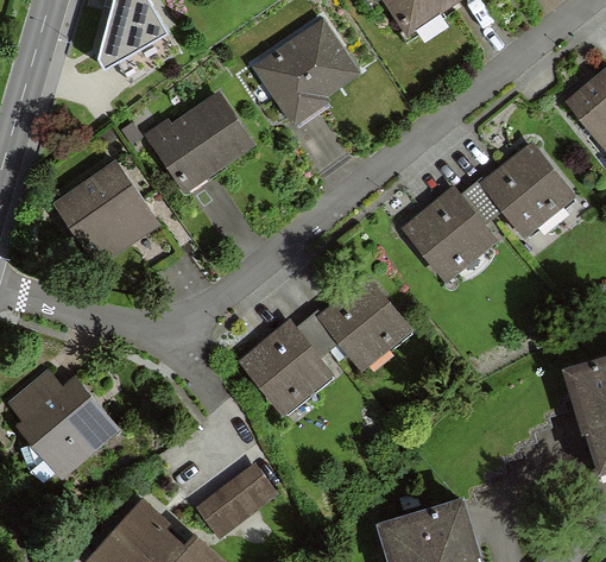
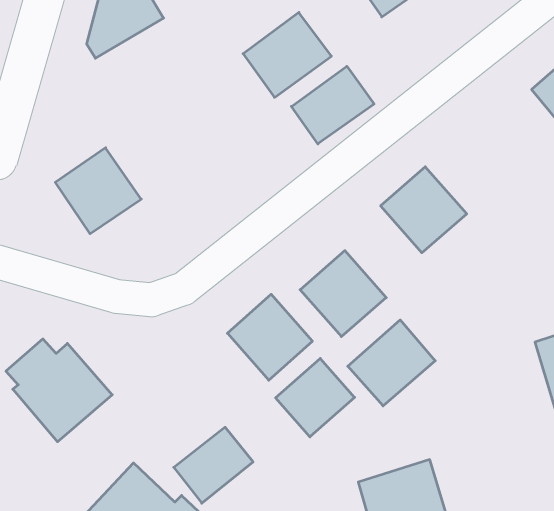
building: none -> [291,66,374,144]
building: [153,95,246,183] -> none
building: [482,141,574,233] -> none
building: none -> [348,320,435,406]
building: none -> [276,358,355,437]

